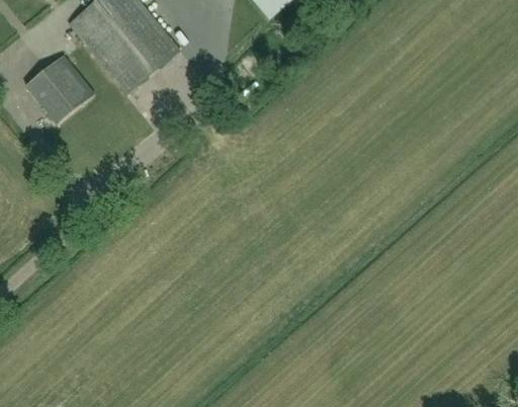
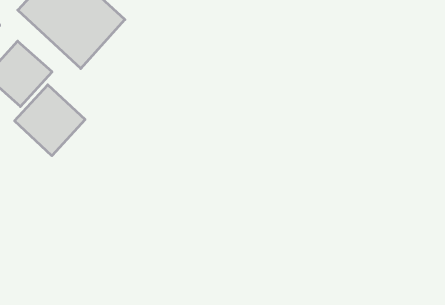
building: none -> [15,85,85,156]

